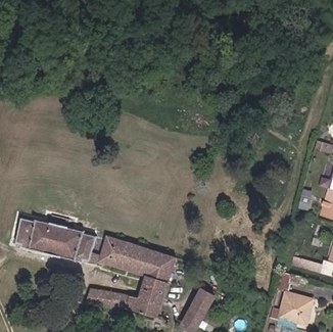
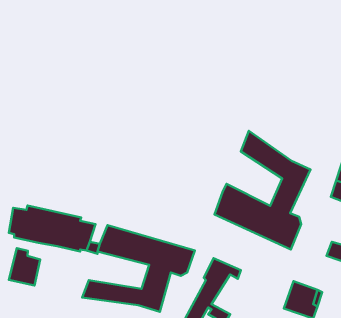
building: none -> [215,131,311,250]
building: none -> [9,248,40,286]

